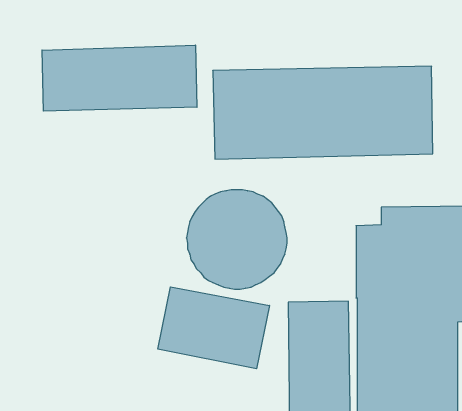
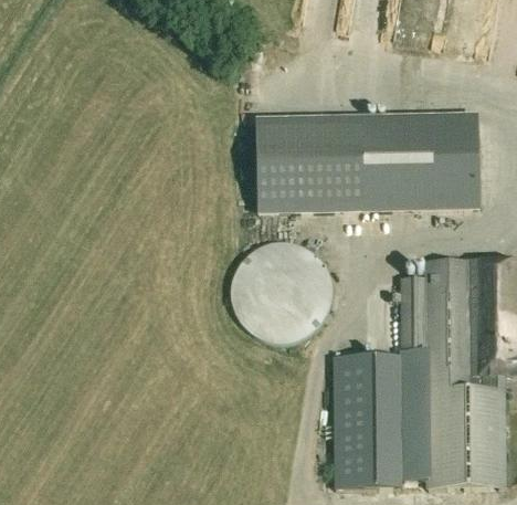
building: [42,45,197,111] -> none
building: [158,287,269,369] -> none

